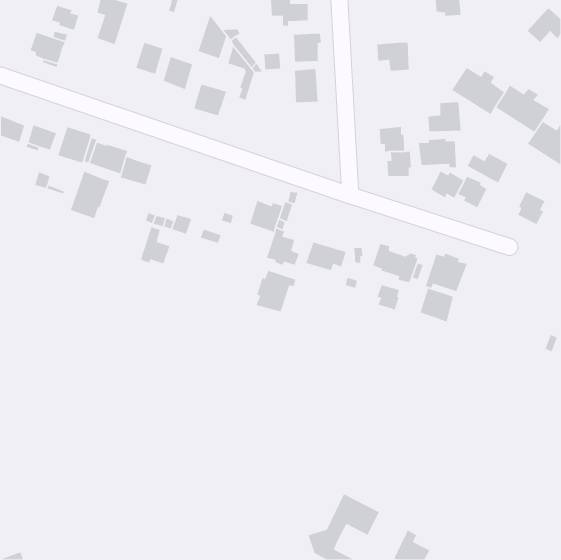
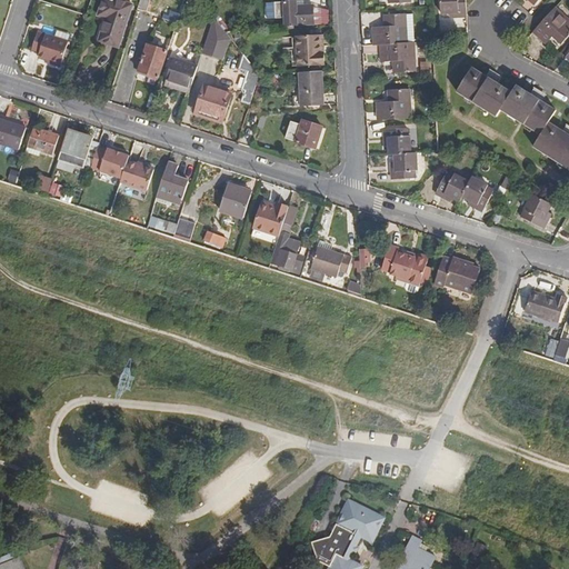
building: [51,5,80,31] -> none
building: none -> [373,13,407,44]
building: [427,102,461,132] -> [377,89,411,120]
building: none -> [295,119,321,147]
building: [418,138,457,168] -> none
building: [467,153,509,184] -> none
building: [70,171,111,219] -> none
building: none -> [219,182,250,216]
building: [140,226,171,265] -> [157,160,188,199]
building: [255,270,297,313] -> none
building: [377,284,400,311] -> none
building: [420,287,454,322] -> none
building: none -> [521,293,562,325]

